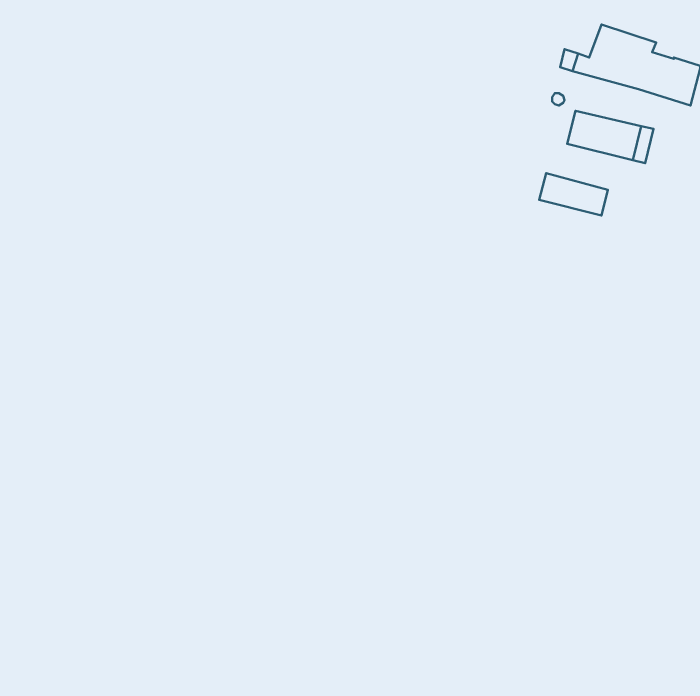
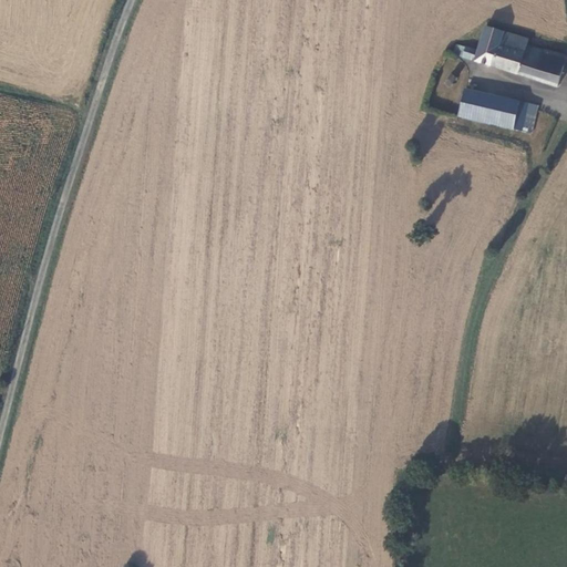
building: [539,173,608,215] -> none

